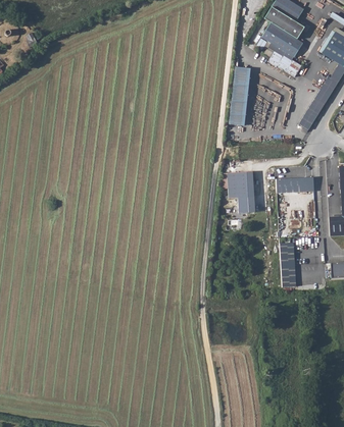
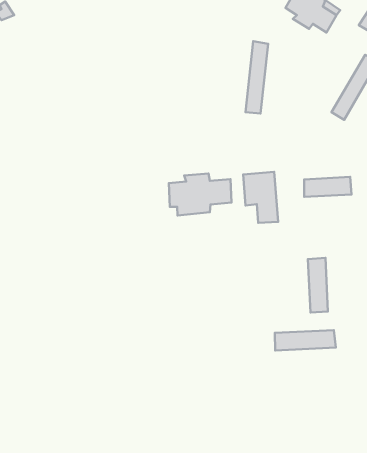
building: none -> [169,174,231,215]
building: none -> [275,330,336,350]

